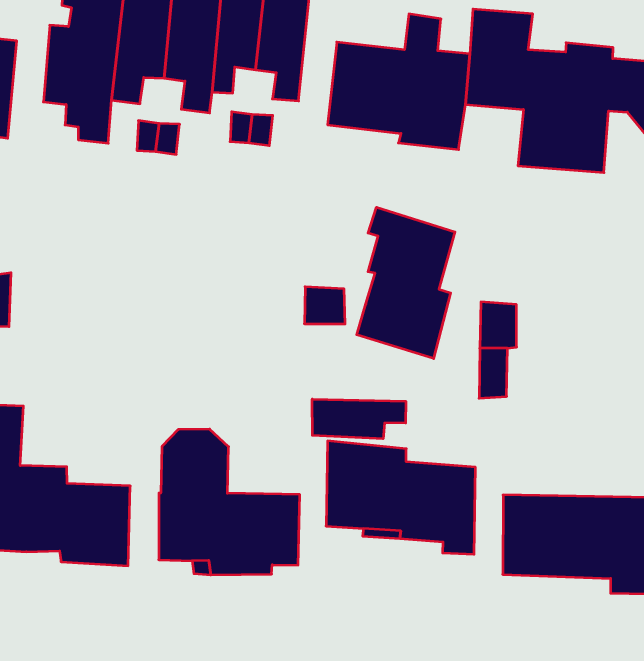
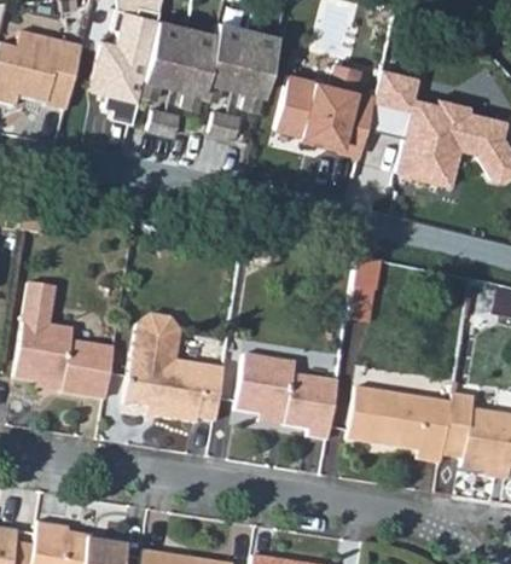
building: [357,207,455,359] -> none
building: [312,399,406,439] -> none

